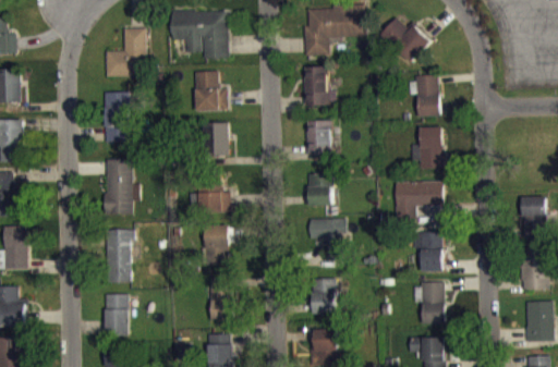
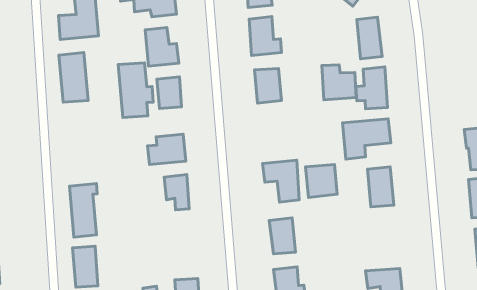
building: none -> [322,65,356,100]
building: [105,159,138,215] -> [118,63,153,118]
building: [308,173,332,207] -> none
building: none -> [305,165,337,198]
building: [209,278,233,320] -> none
building: [414,283,445,325] -> none

